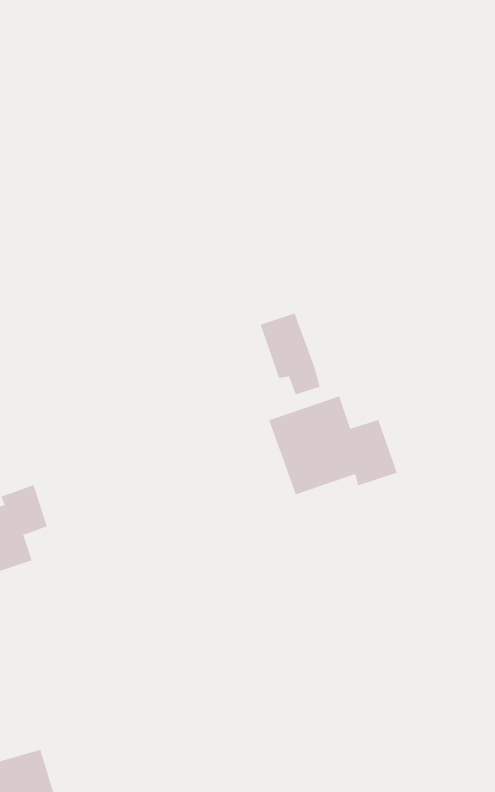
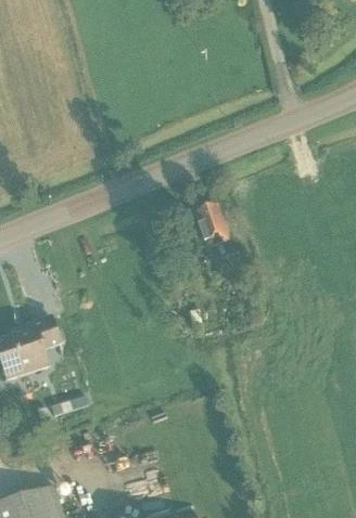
building: [269,396,398,495] -> none

